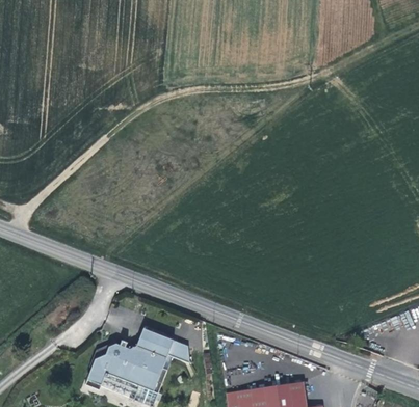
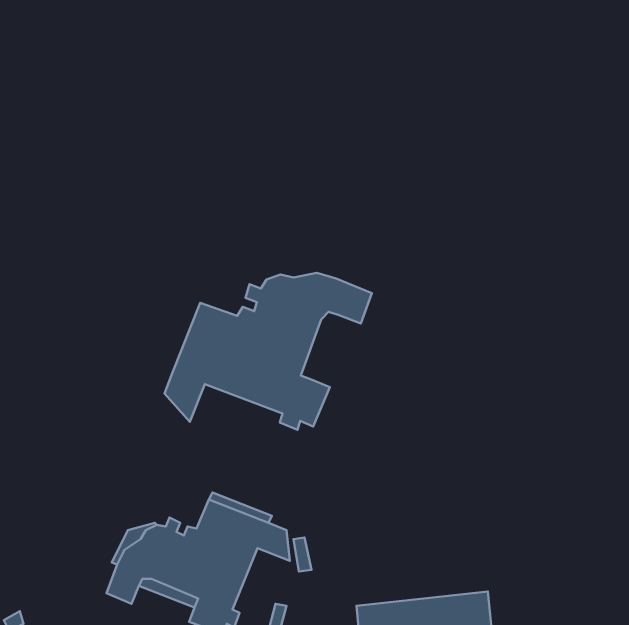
building: none -> [164,273,372,430]

